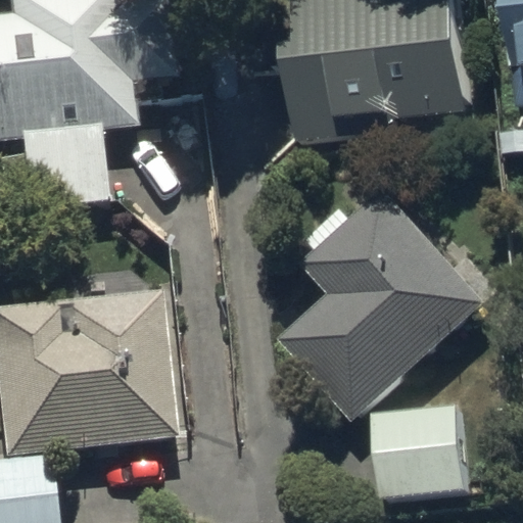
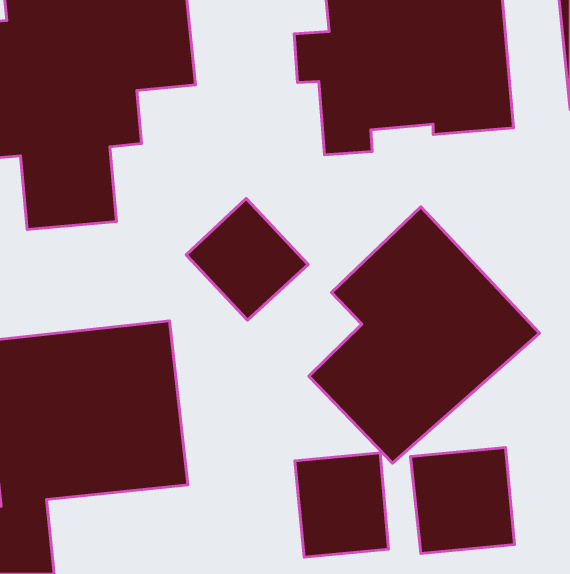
building: none -> [186,198,308,320]
building: none -> [295,453,389,557]

